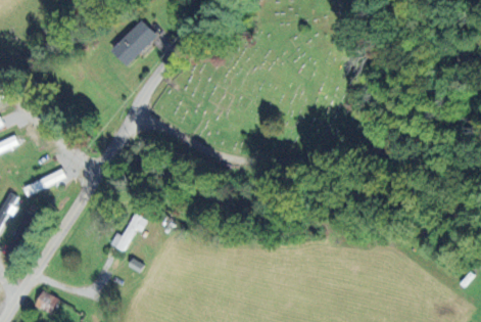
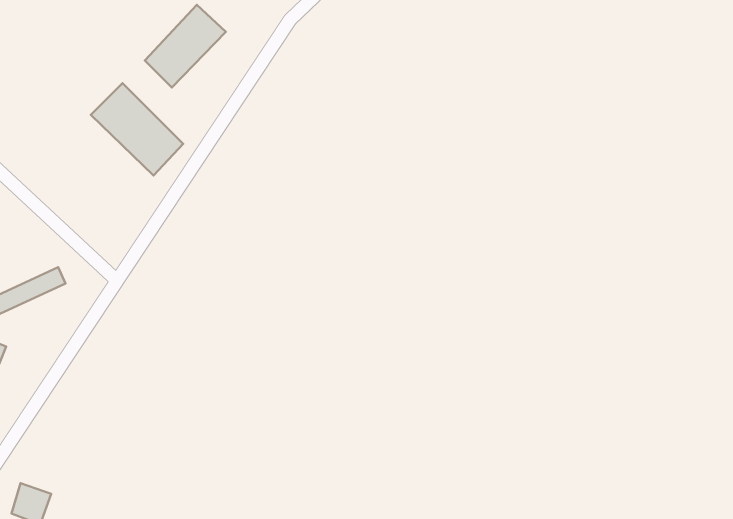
building: none -> [91,83,183,175]
building: [110,214,147,250] -> none

